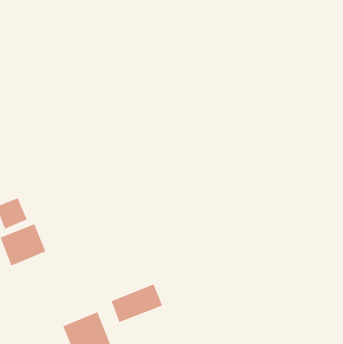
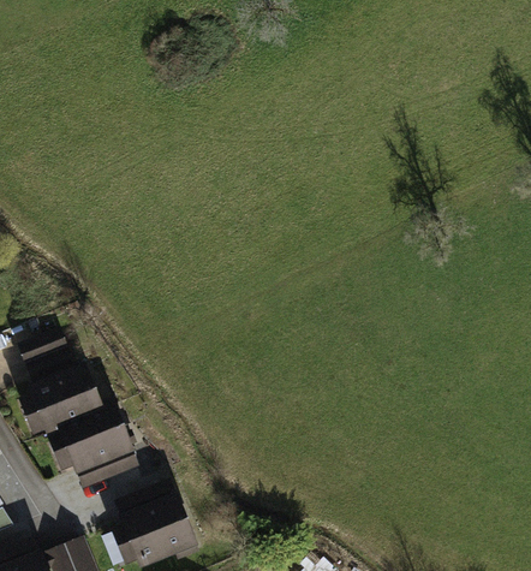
building: none -> [53,406,127,471]
building: [111,283,163,323] -> none

